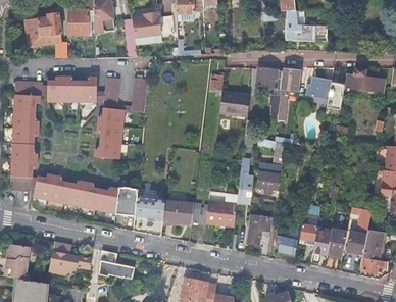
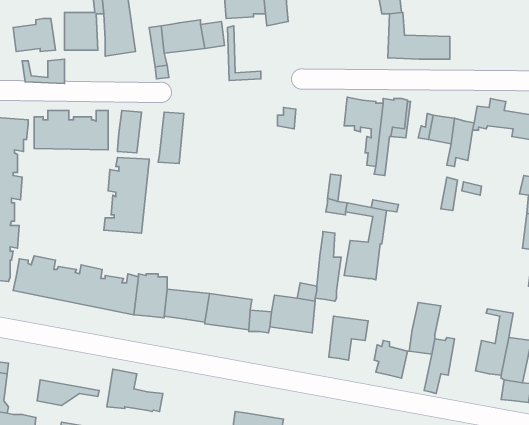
building: [219,91,249,115] -> none
building: [327,228,347,256] -> none
building: [51,241,92,264] -> none

